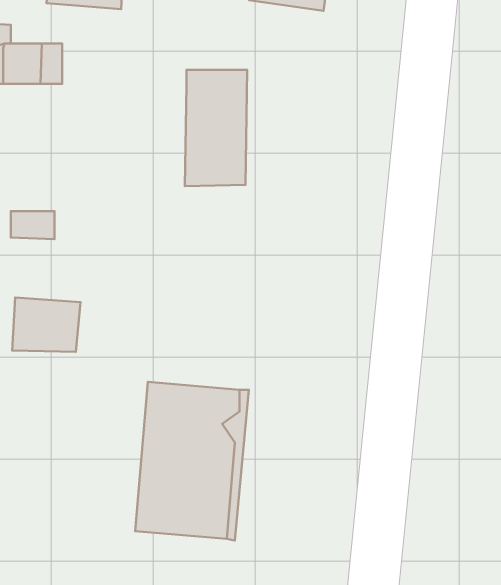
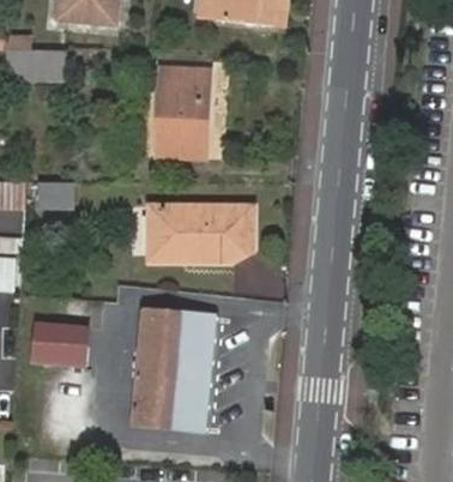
building: none -> [151,203,254,257]
building: [12,298,80,352] -> [30,324,83,366]

